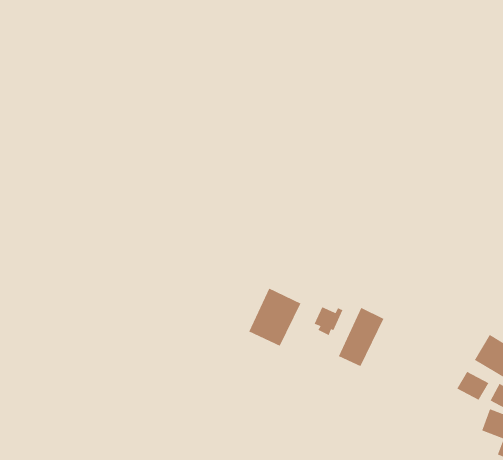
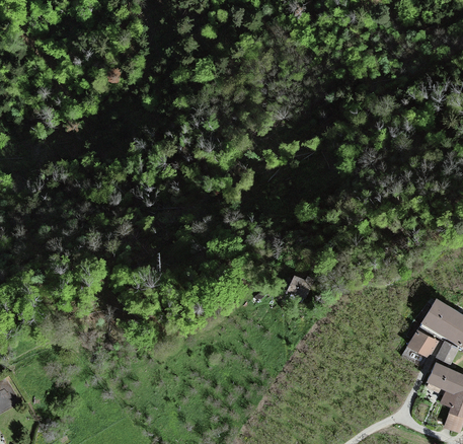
building: [248,287,302,347] -> none
building: [338,307,384,367] -> none

